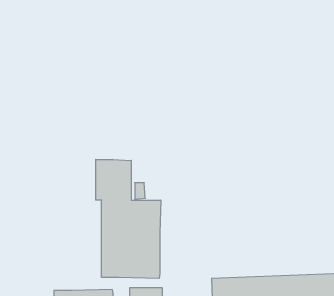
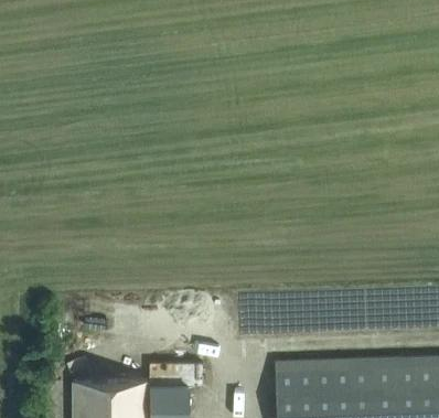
building: [96,159,161,278] -> none

